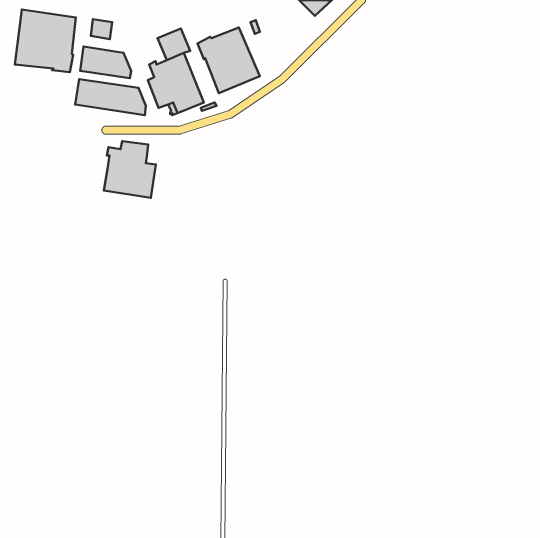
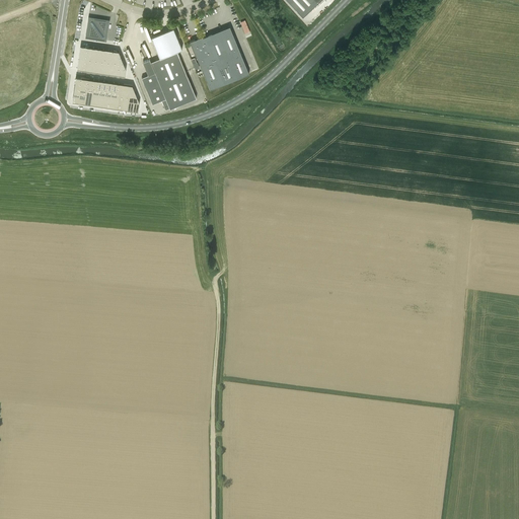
building: [15,9,76,72] -> none
building: [104,141,156,198] -> none

